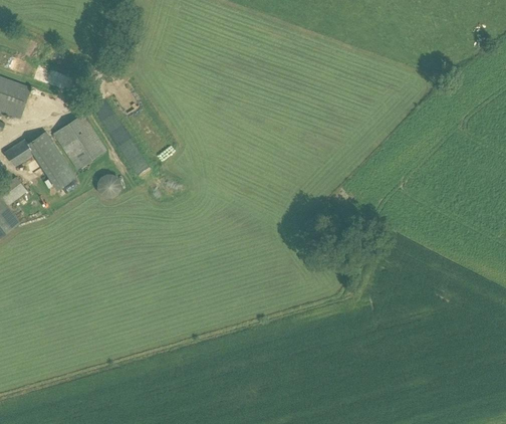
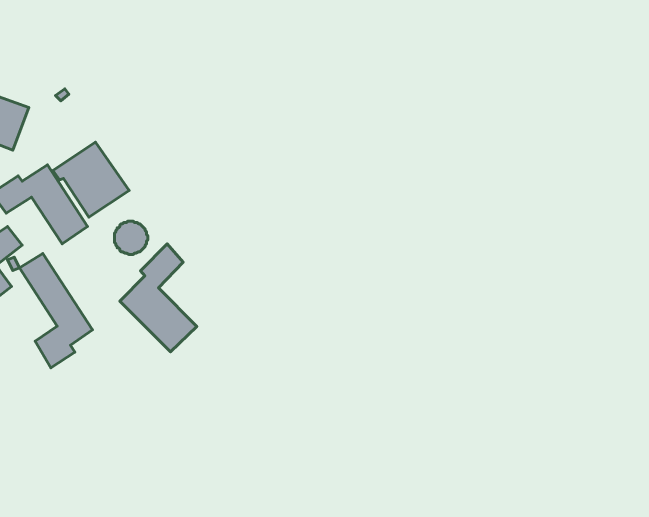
building: none -> [120,244,197,352]
building: none -> [19,254,93,368]

